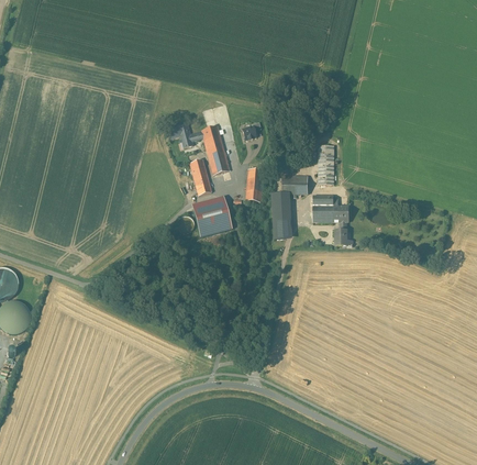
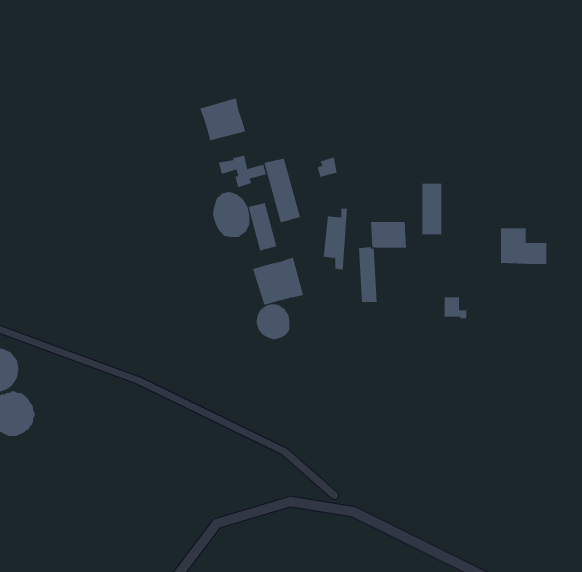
building: none -> [200,97,246,141]
building: none -> [213,191,250,238]
building: [313,195,348,222] -> [500,228,547,264]
building: none -> [256,303,290,340]

